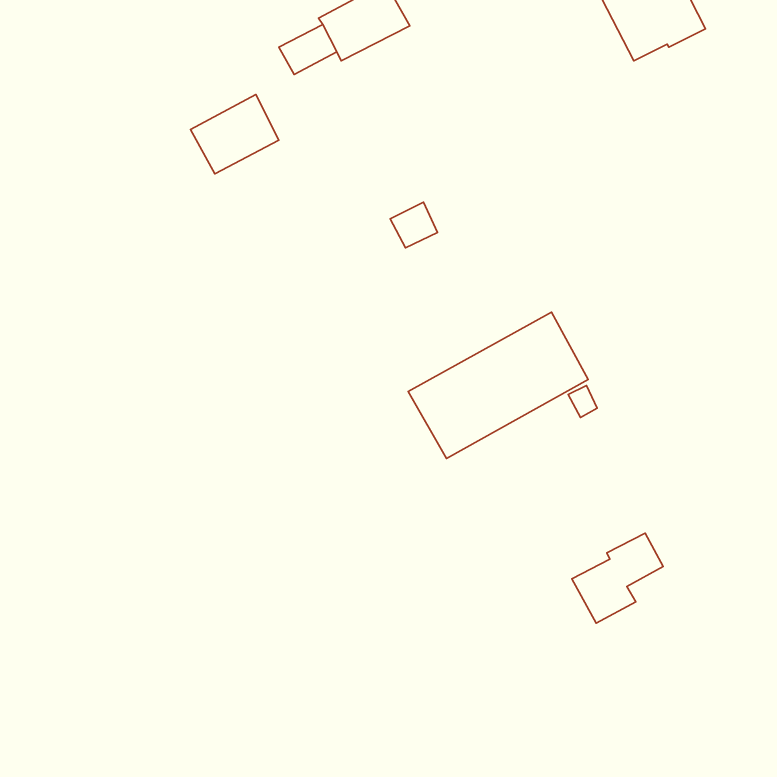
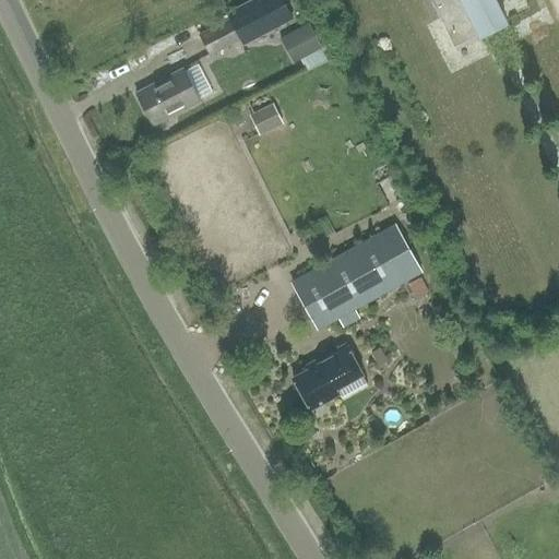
building: none -> [281,22,324,62]
building: [390,202,437,248] -> [250,103,284,135]
building: [572,533,663,623] -> [295,344,360,408]

